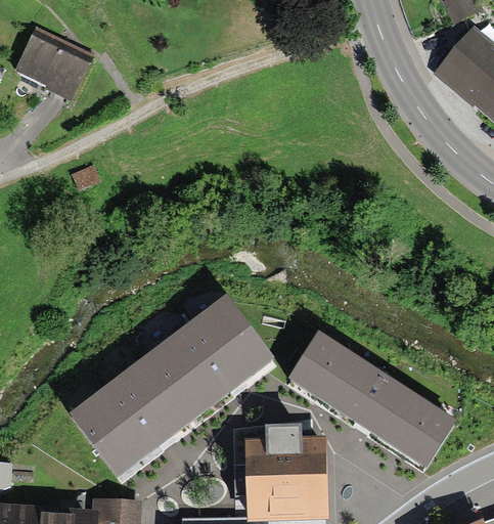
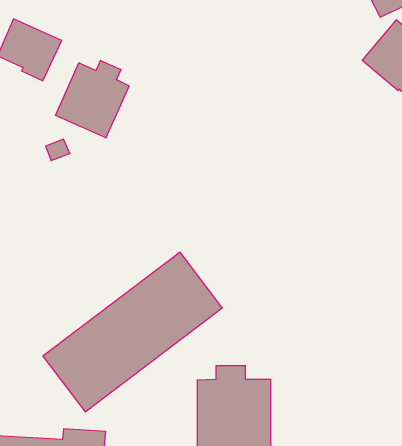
building: none -> [55,60,129,138]
building: [289,331,456,468] -> none

